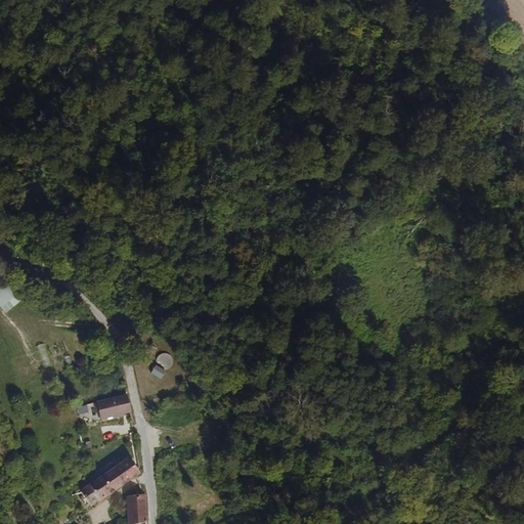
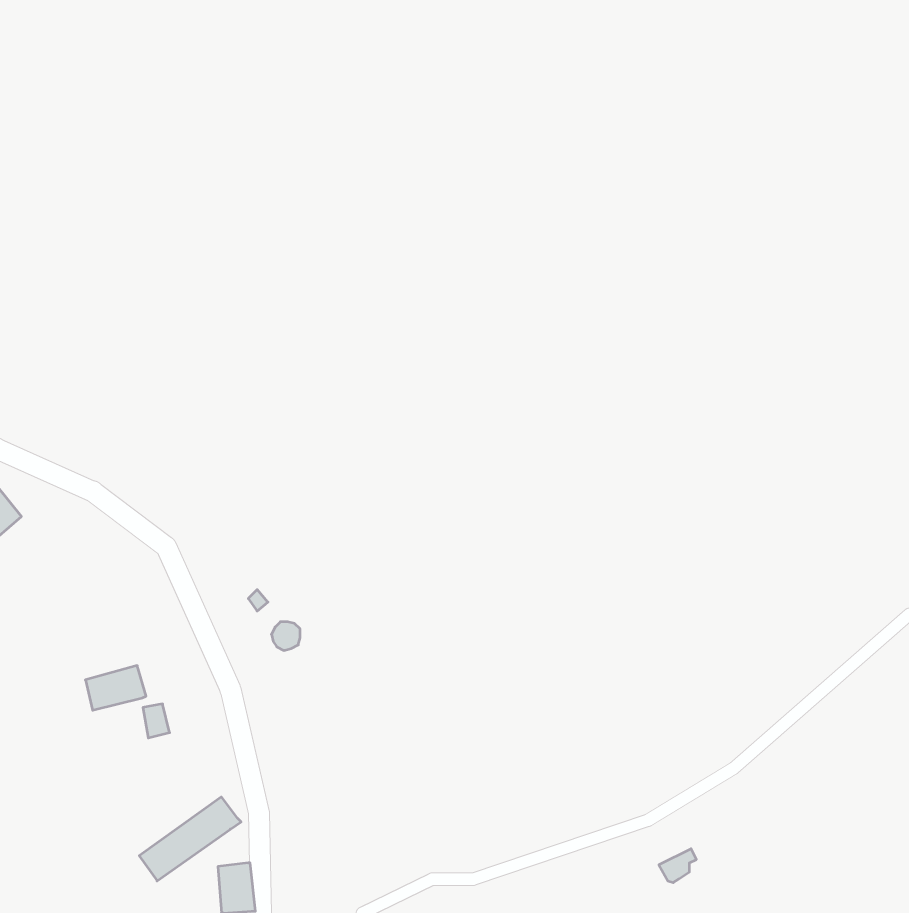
building: [95,394,130,420] -> [85,666,146,710]

